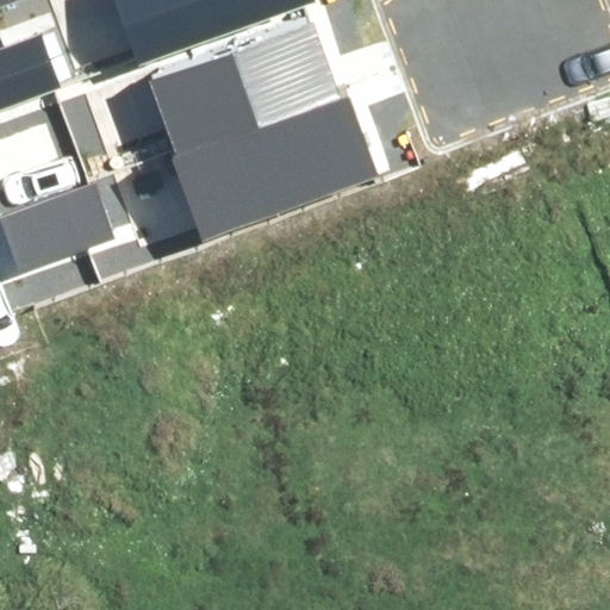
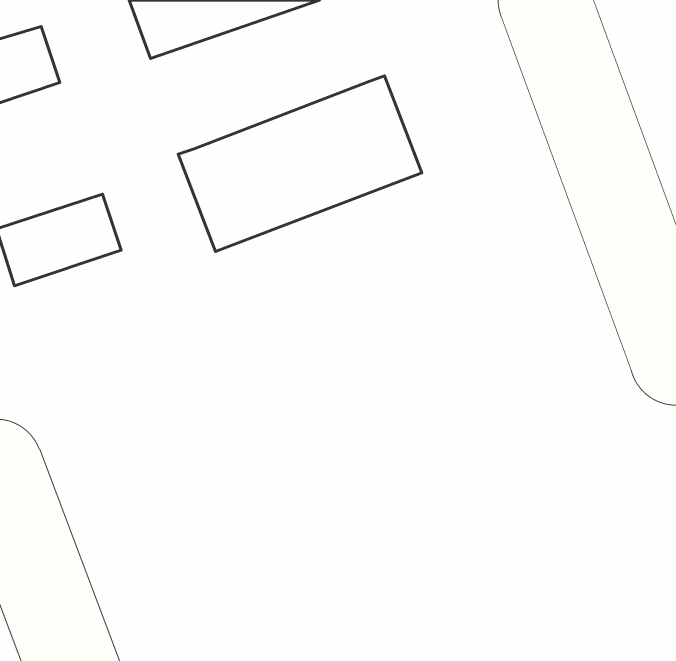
building: [149,23,331,150] -> none

